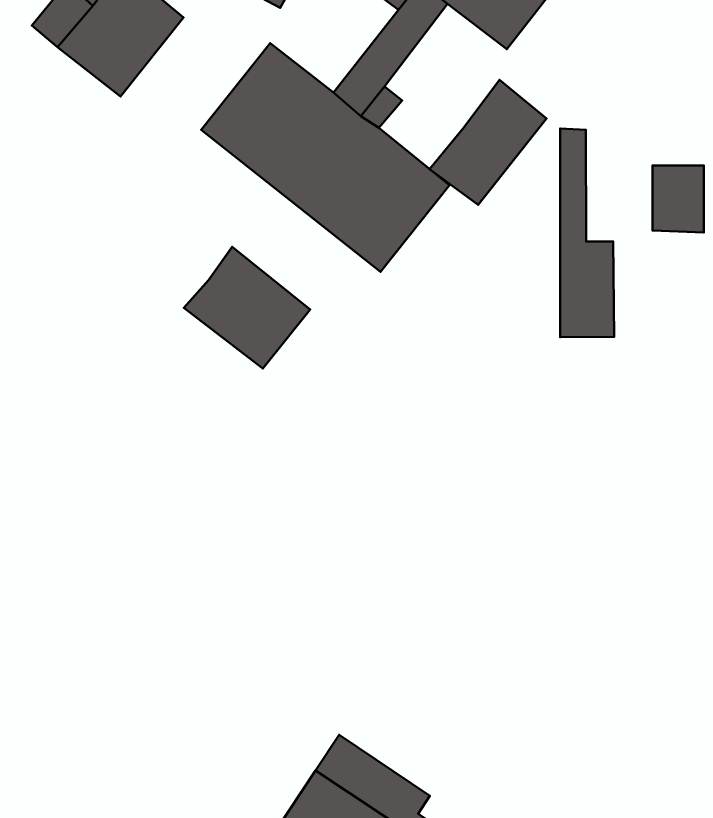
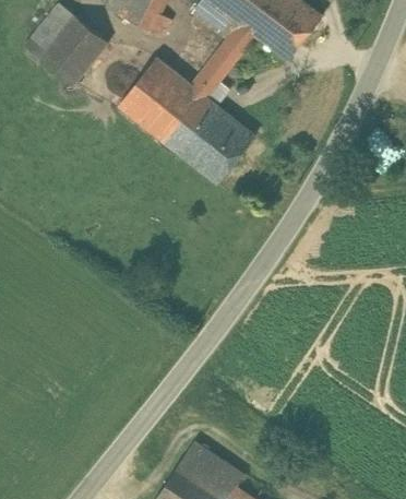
building: [430,80,546,205] -> none
building: [560,129,614,337] -> none
building: [184,247,310,369] -> none

